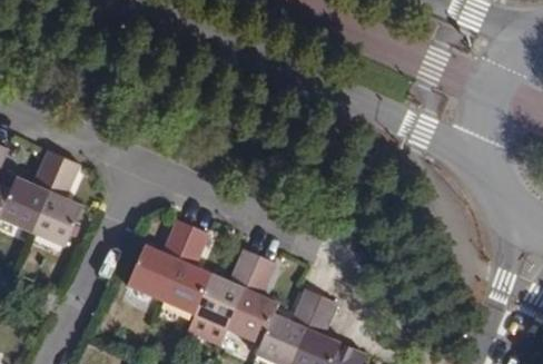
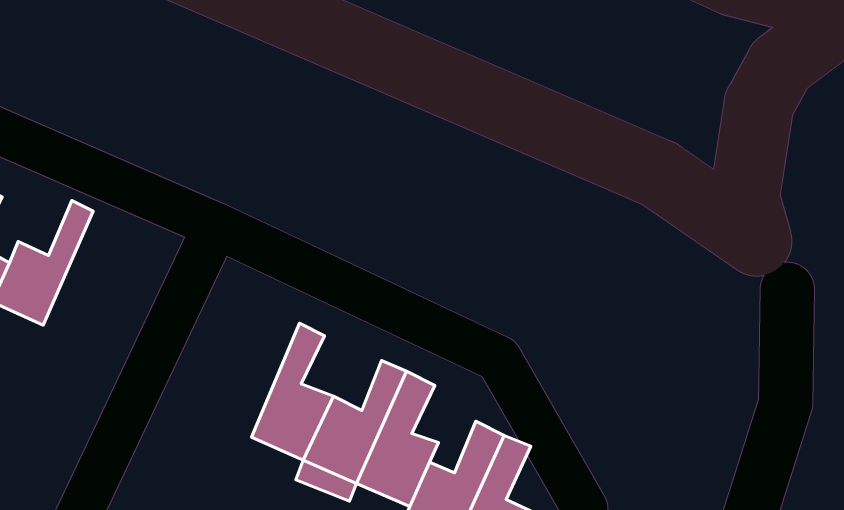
building: [32,157,82,244] -> none
building: [128,220,192,298] -> none

